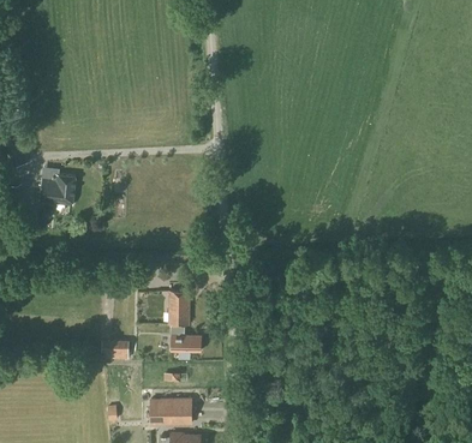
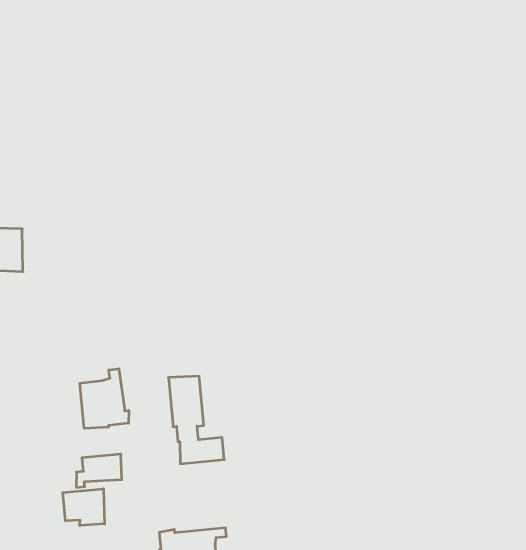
building: none -> [80,369,129,428]
building: none -> [63,489,105,526]

